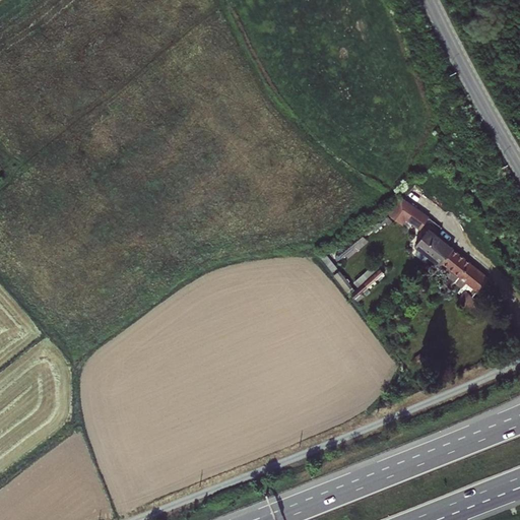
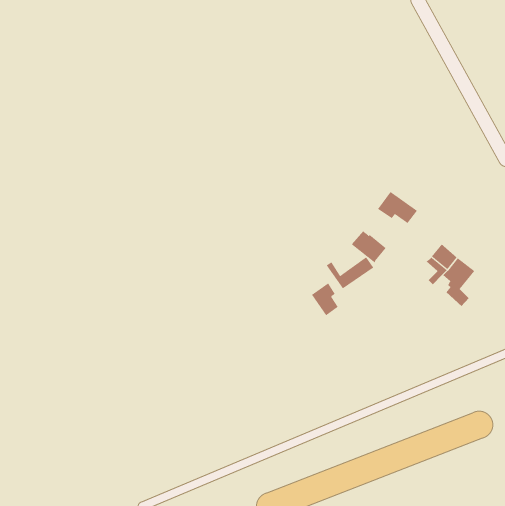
building: [417,232,454,265] -> [351,230,387,263]
building: none -> [311,283,339,316]

